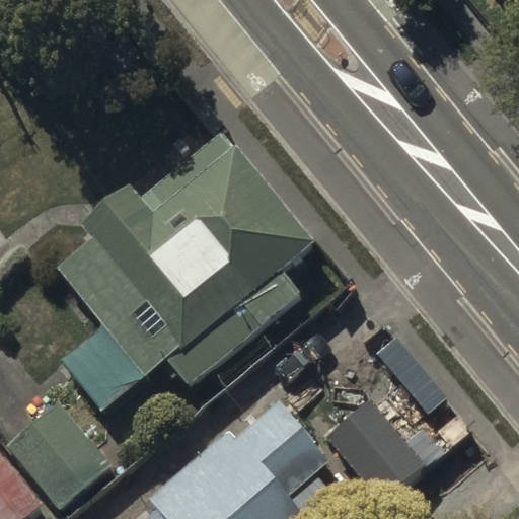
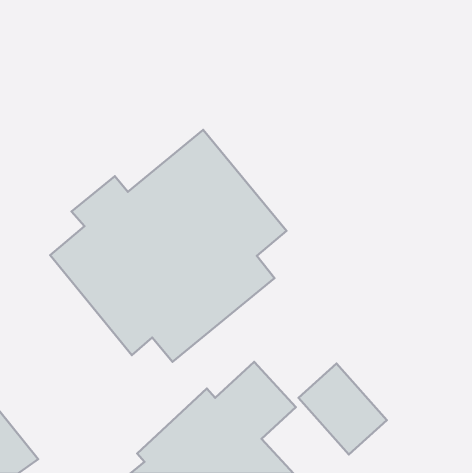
building: [5,401,109,508] -> none

